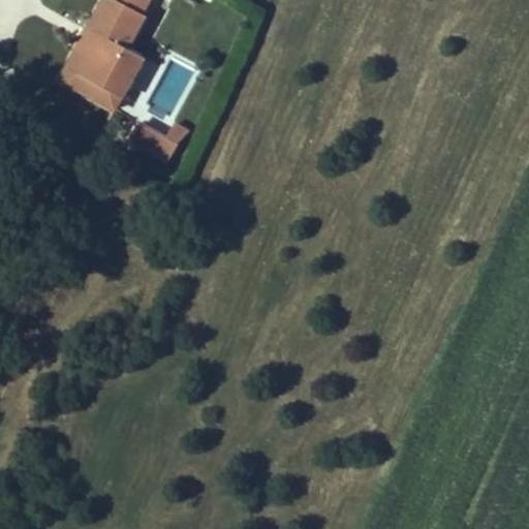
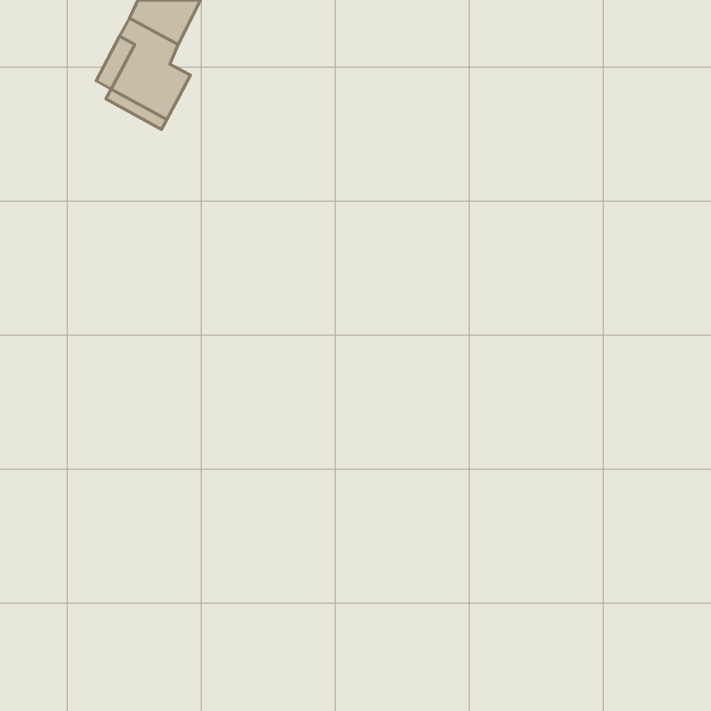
building: [62,60,120,106] -> none
building: [129,122,189,161] -> none

